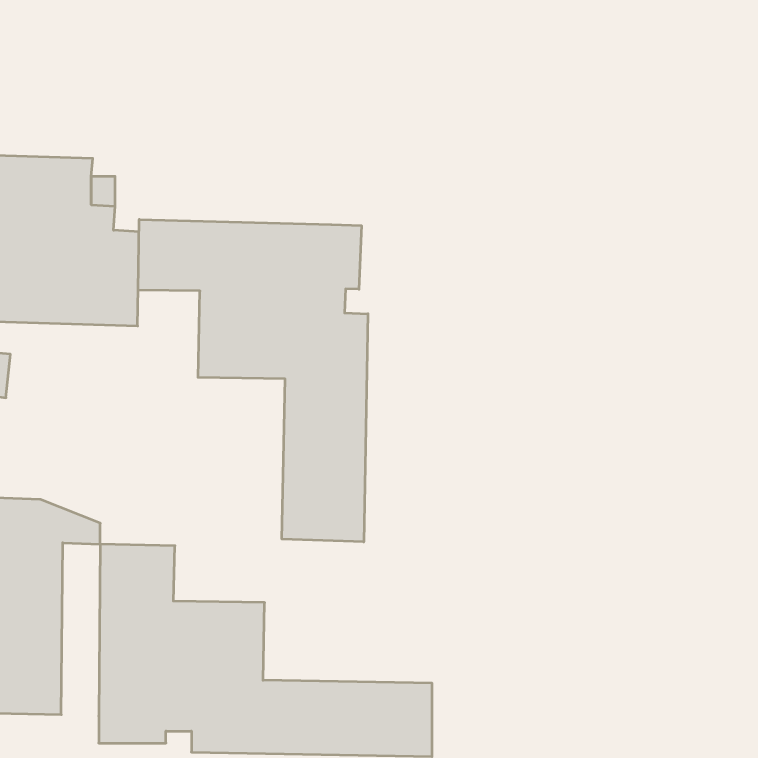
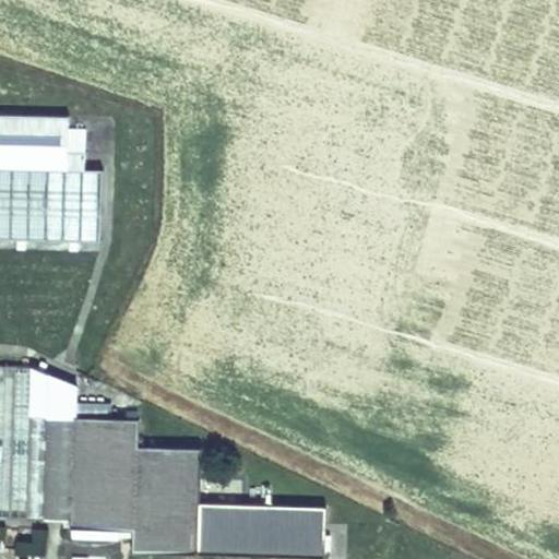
building: [138,219,368,542] -> none
building: none -> [45,401,73,527]

